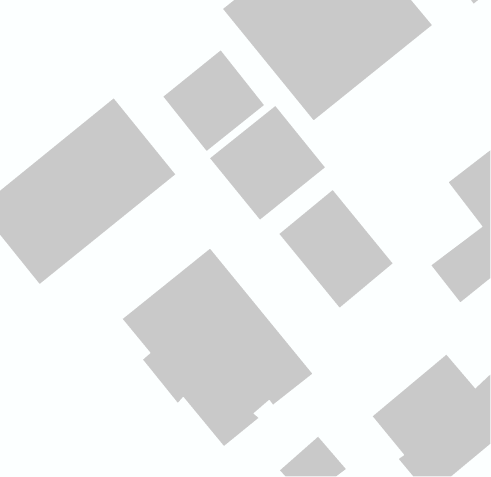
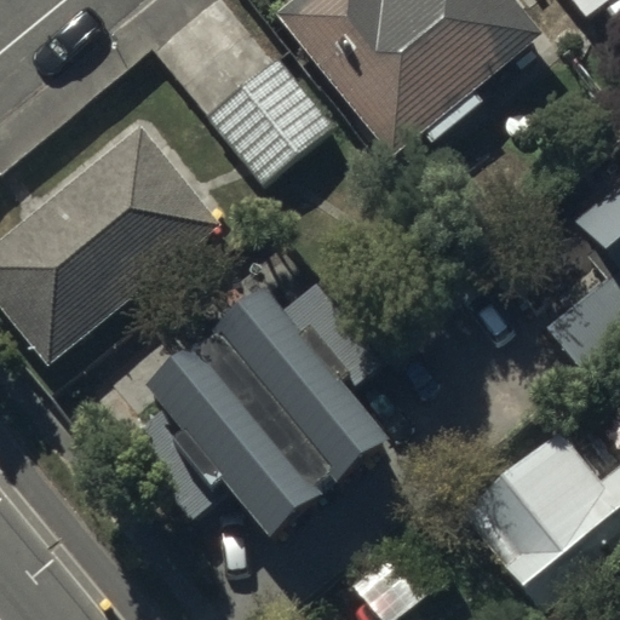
building: [209,105,326,221] -> none
building: [278,189,394,309] -> none

